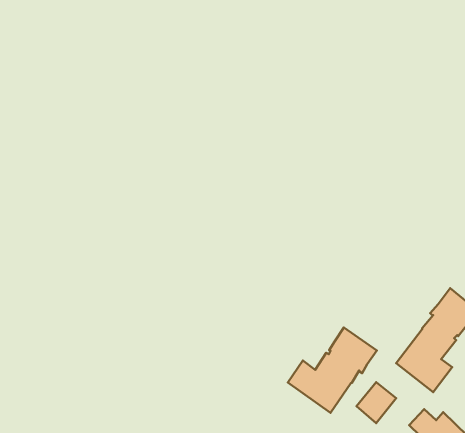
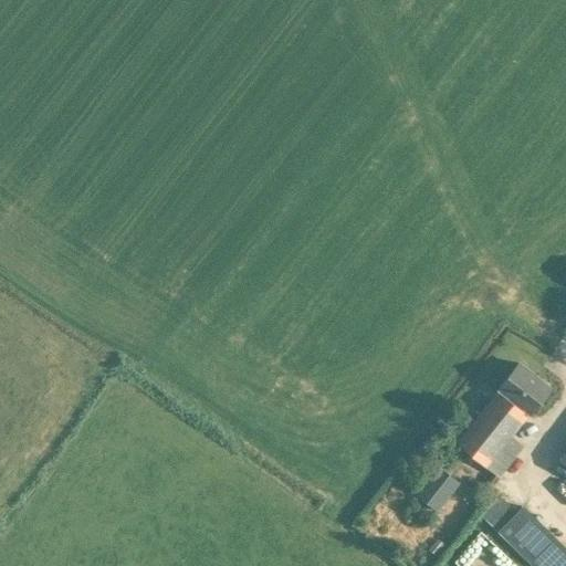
building: [288,327,377,413] -> none

